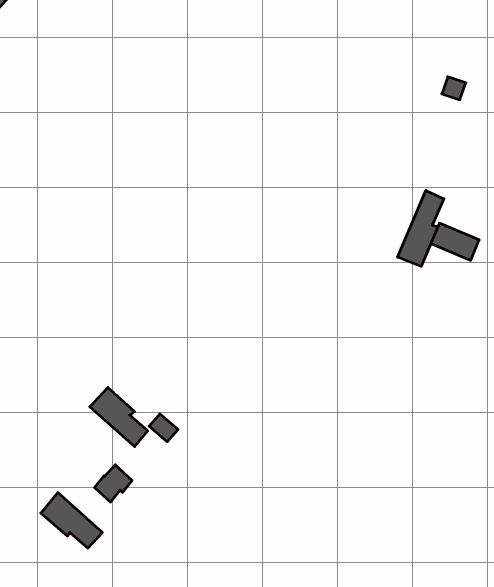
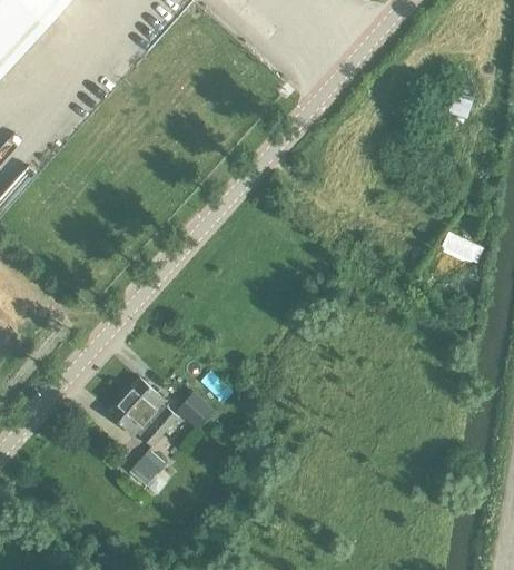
building: [398,190,444,266] -> none
building: [41,493,102,548] -> [110,396,167,448]

